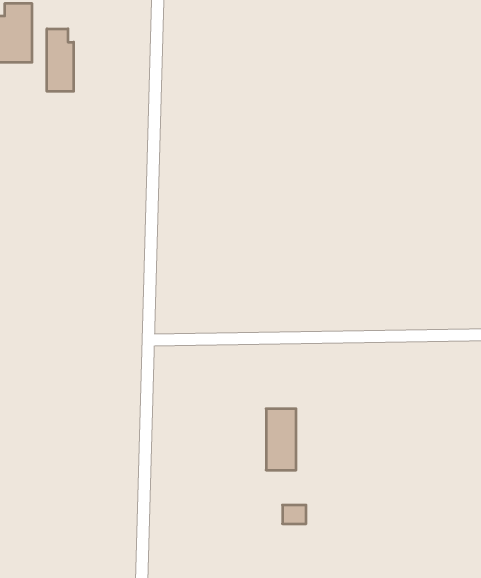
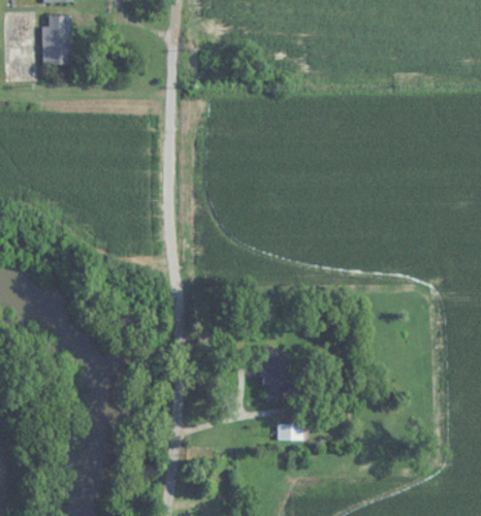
building: [47,29,74,91] -> none

